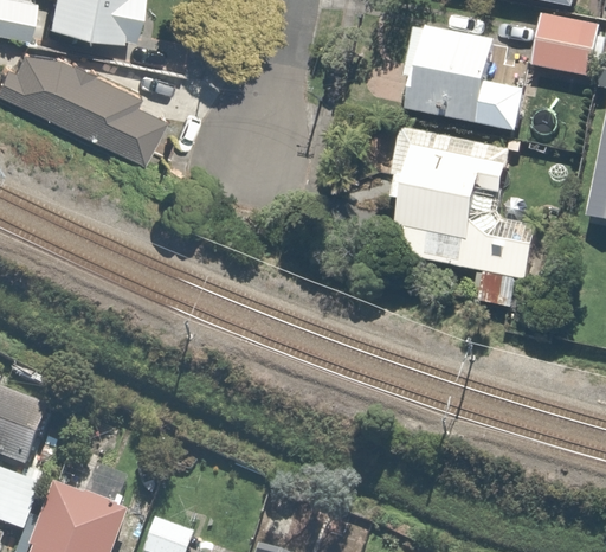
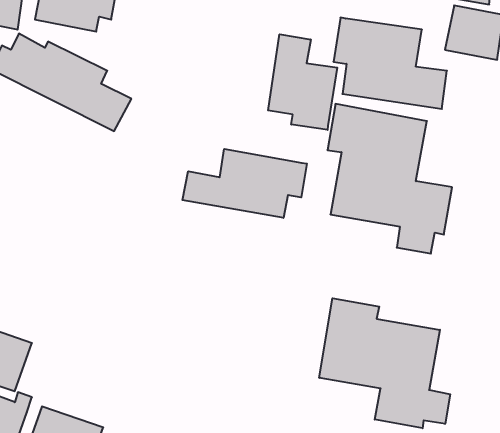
building: none -> [268,34,337,130]
building: none -> [182,149,307,218]
building: none -> [319,298,450,428]

